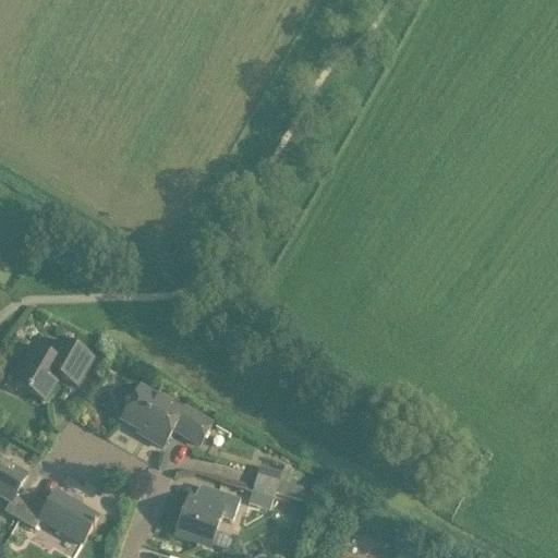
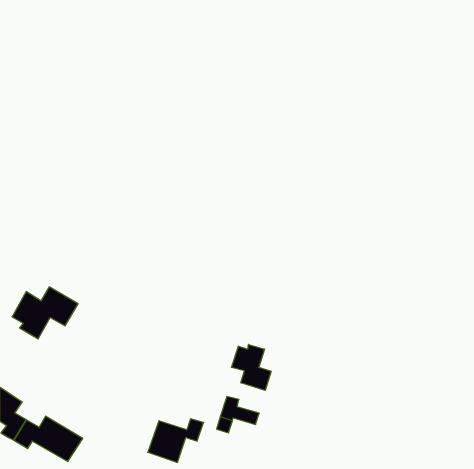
building: [120,384,210,444] -> none
building: none -> [231,344,271,390]

